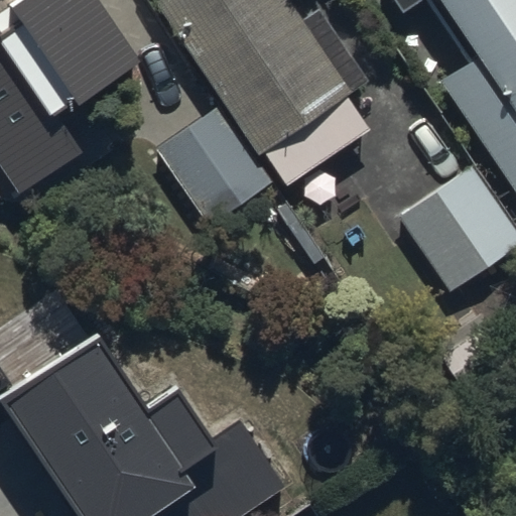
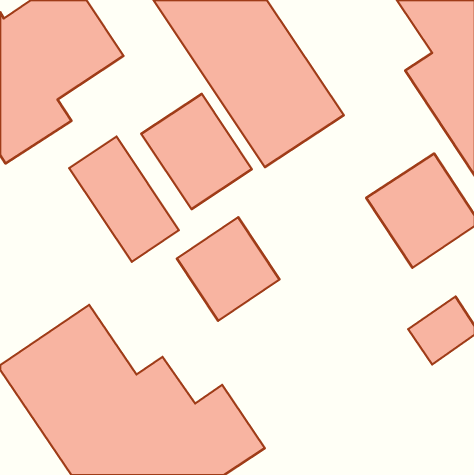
building: none -> [69,136,179,262]
building: none -> [177,217,280,321]

